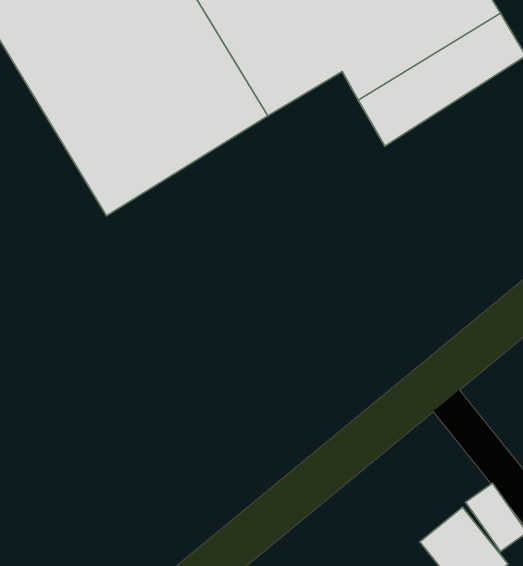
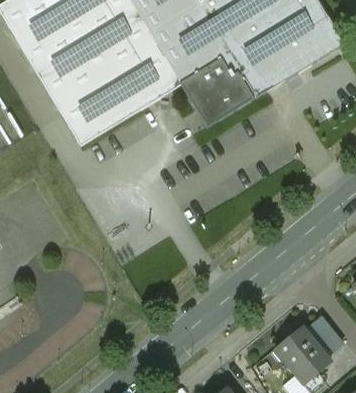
building: none -> [180,53,254,126]

